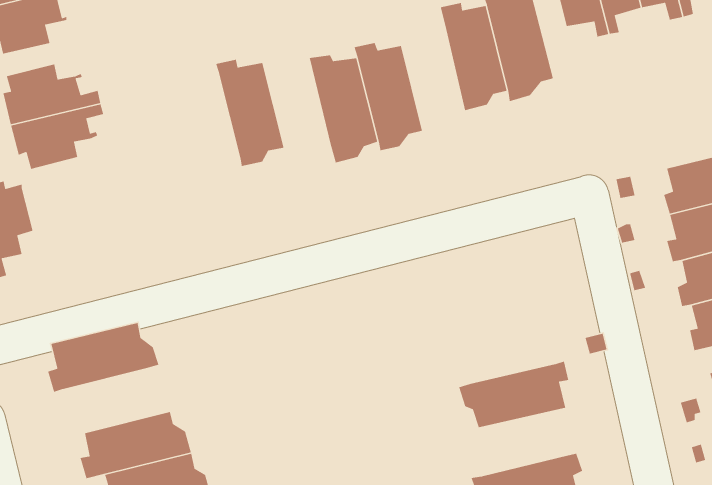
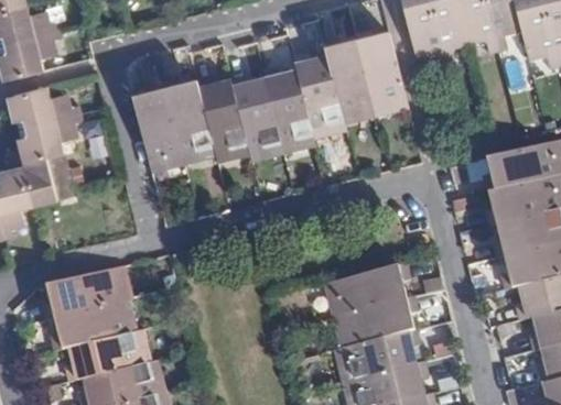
building: none -> [293,54,342,132]
building: none -> [197,79,246,156]
building: none -> [130,88,181,165]
building: none -> [25,151,75,204]
building: none -> [330,263,409,313]
building: none -> [51,302,131,351]
building: none -> [339,330,418,379]

